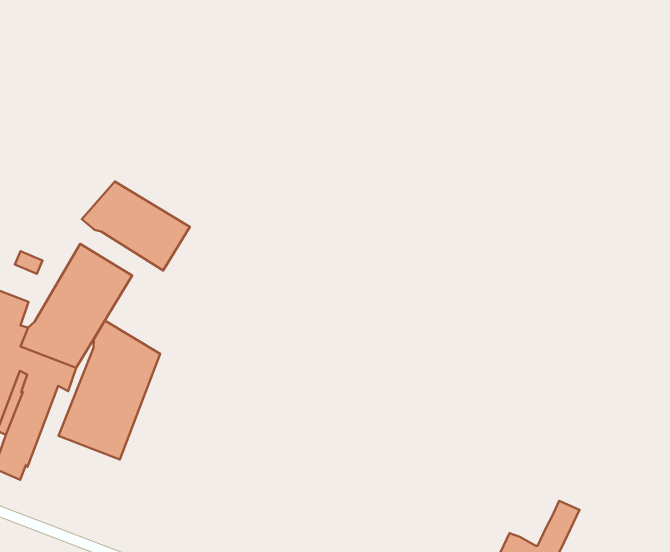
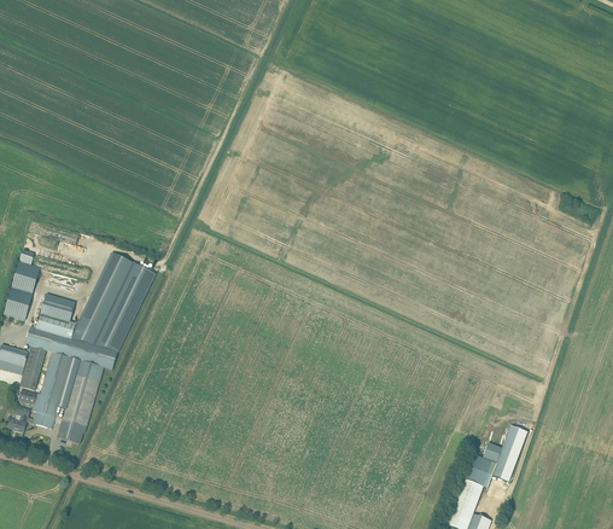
building: [82,181,190,270] -> none
building: [58,321,160,459] -> none

